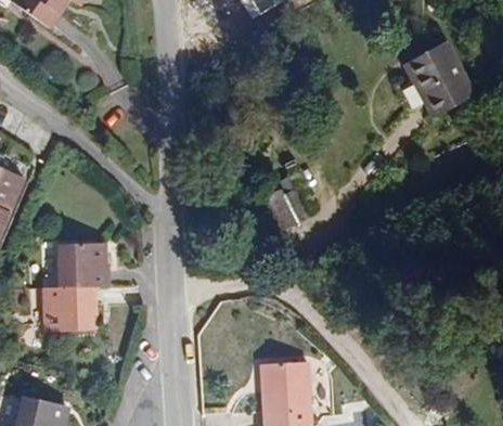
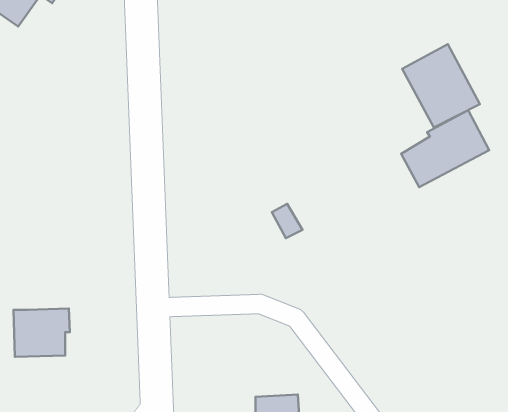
building: none -> [401,110,489,187]
building: [57,243,109,286] -> none

